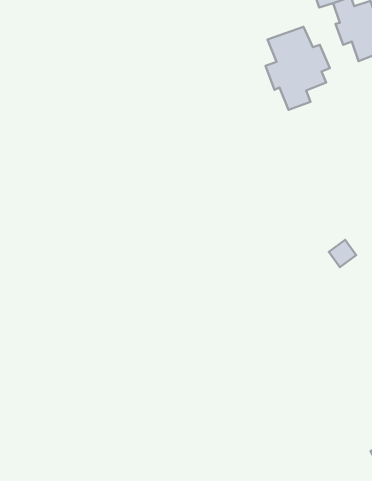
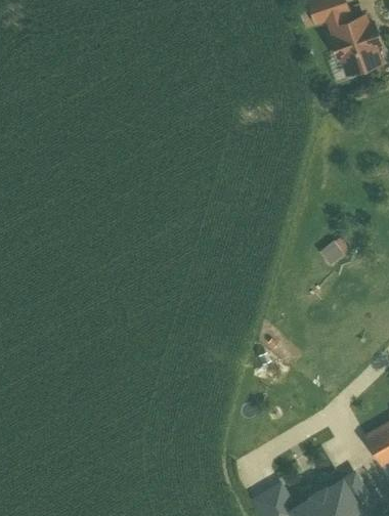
building: [266,27,330,110] -> none

